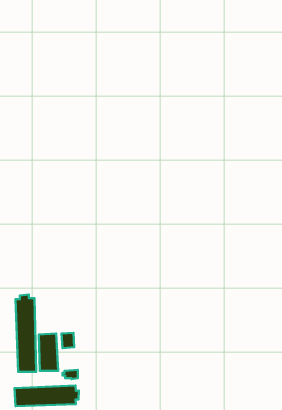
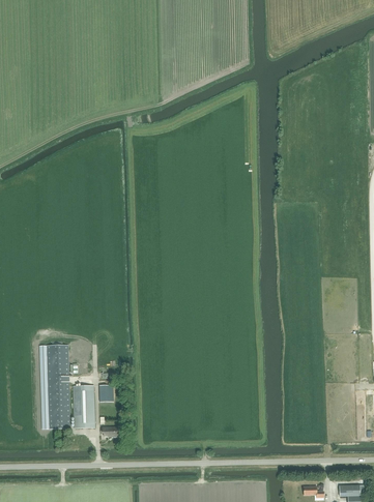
building: [14,385,79,406] -> none

